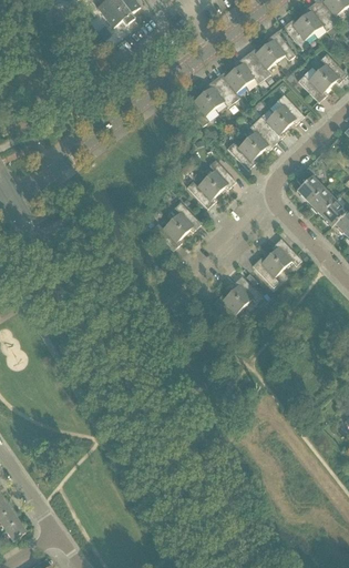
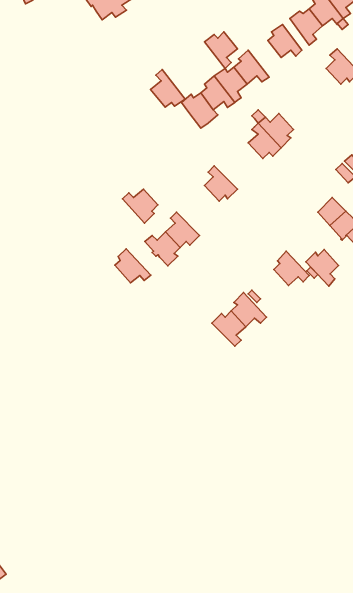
building: [246,44,276,78] -> [204,32,237,68]
building: [298,70,330,101] -> none
building: none -> [150,69,185,107]
building: [274,93,305,125] -> none
building: [227,138,259,169] -> none
building: [296,165,322,201] -> none
building: [187,176,219,207] -> [123,189,158,223]
building: none -> [115,249,151,283]
building: [253,253,283,286] -> [306,250,339,286]

